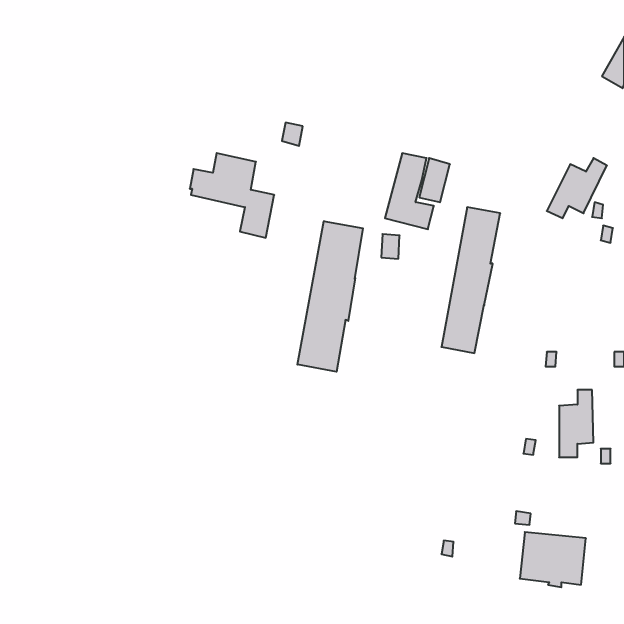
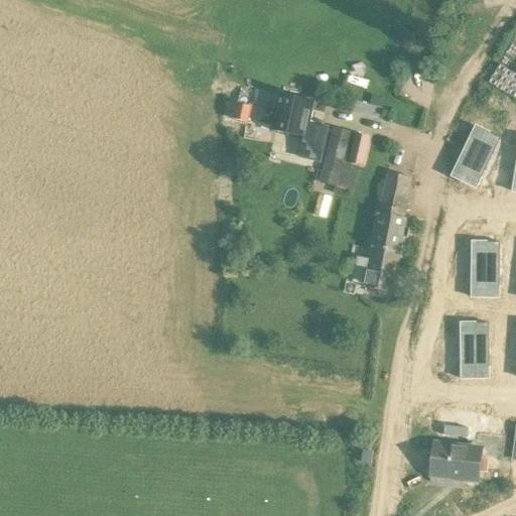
building: [190,153,274,238] -> [256,91,326,160]
building: [297,221,363,372] -> none
building: none -> [471,240,498,295]

